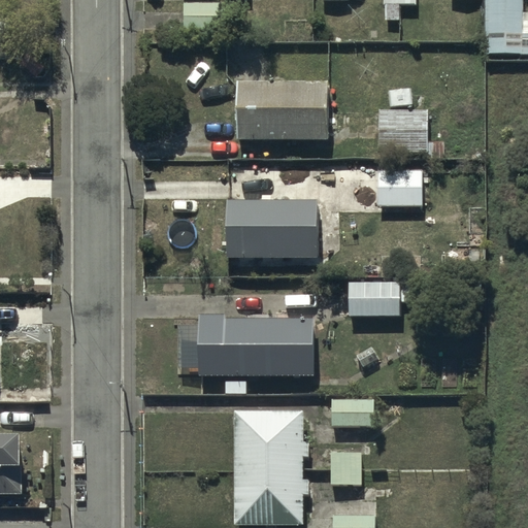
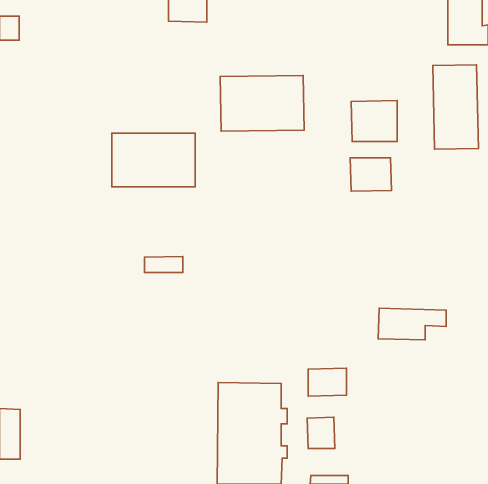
building: none -> [433,65,478,149]
building: [226,200,316,258] -> [112,133,195,187]
building: [349,283,422,317] -> [378,308,446,340]
building: [200,319,310,375] -> none

